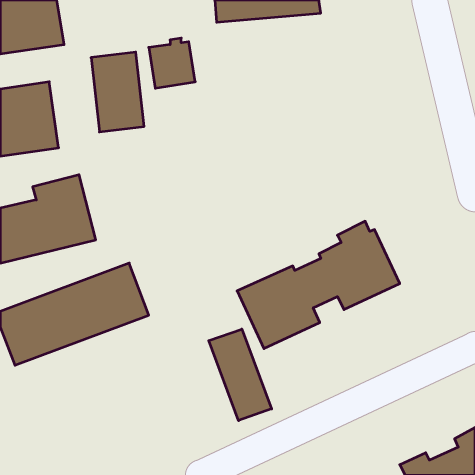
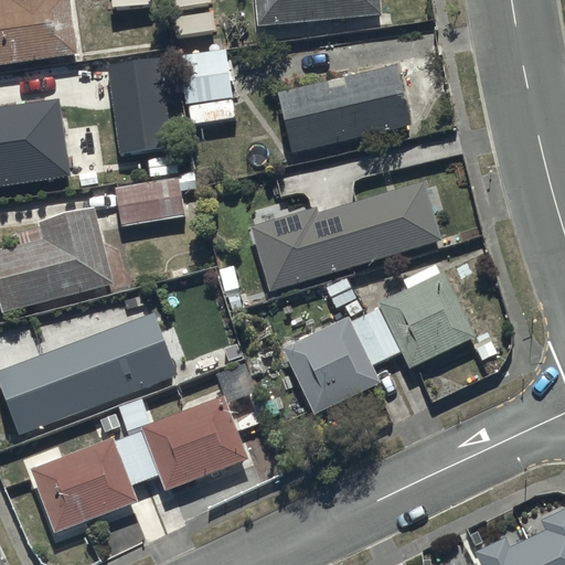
building: none -> [276,62,411,153]
building: none -> [116,180,183,224]
building: none -> [252,181,440,290]
building: [209,329,272,421] -> none
building: none -> [31,396,248,533]

